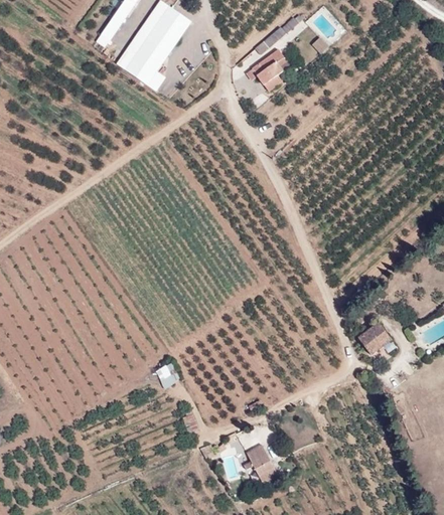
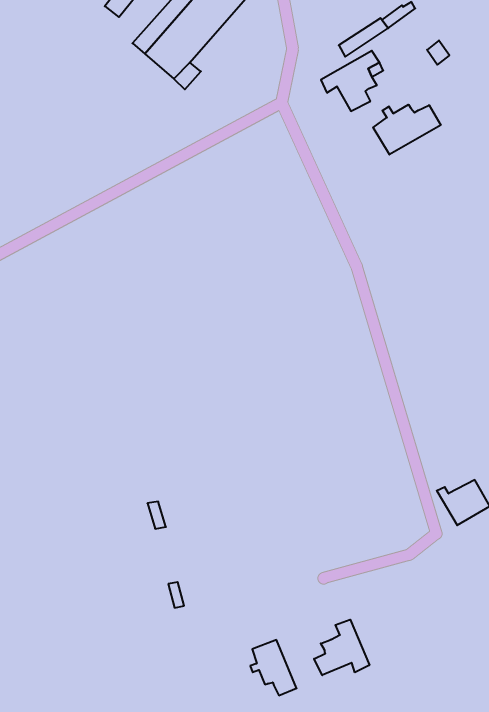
building: none -> [373,105,441,155]
building: none -> [314,620,369,675]

